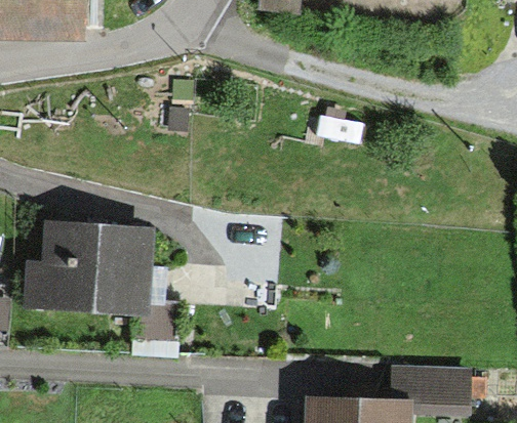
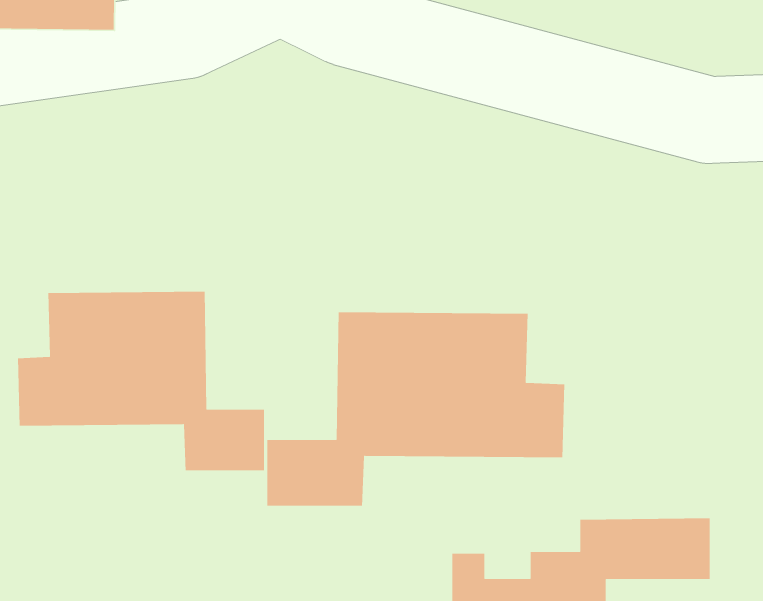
building: none -> [267,311,565,507]

